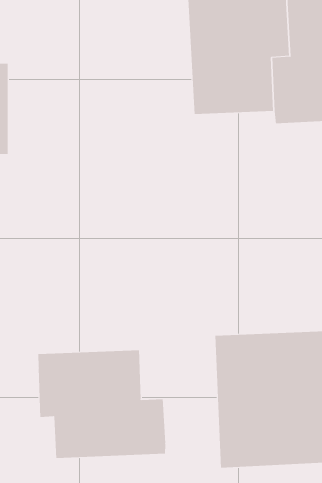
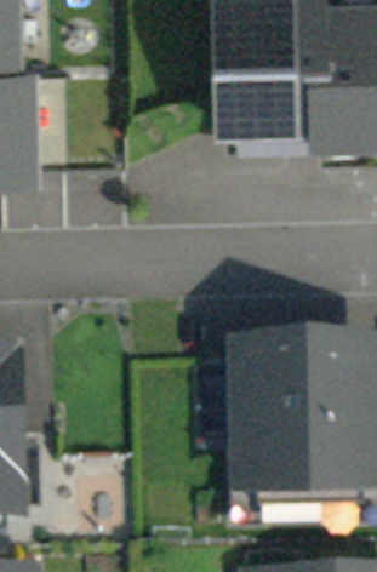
building: [38,349,166,459] -> none

